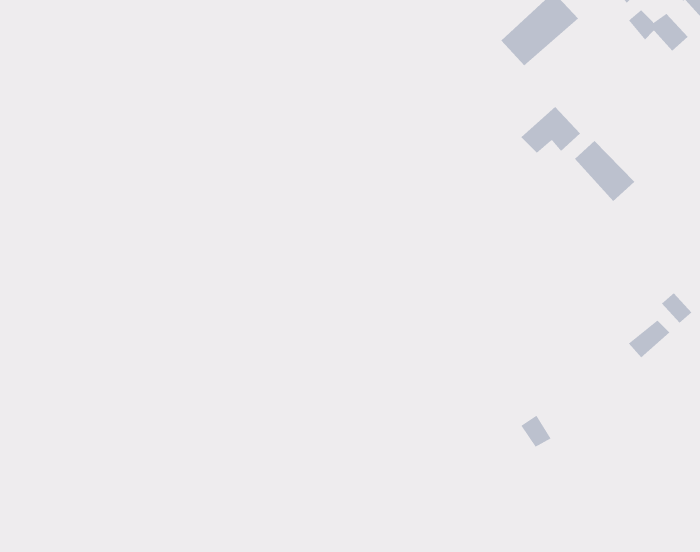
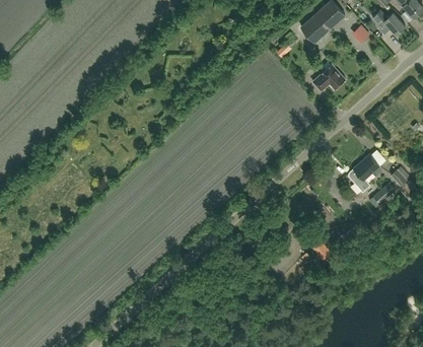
building: [574,140,635,202] -> none
building: none -> [349,153,383,192]

